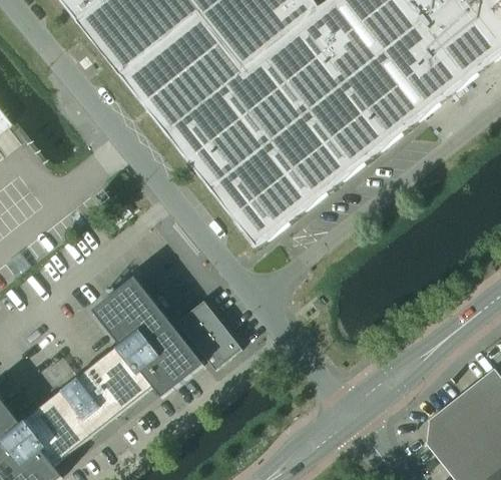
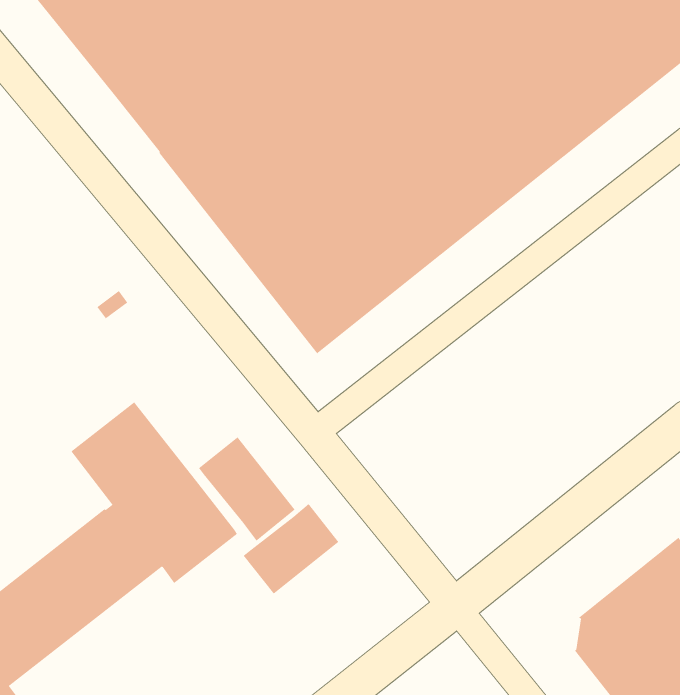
building: none -> [243,503,339,595]

